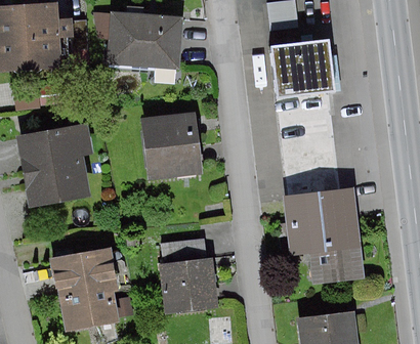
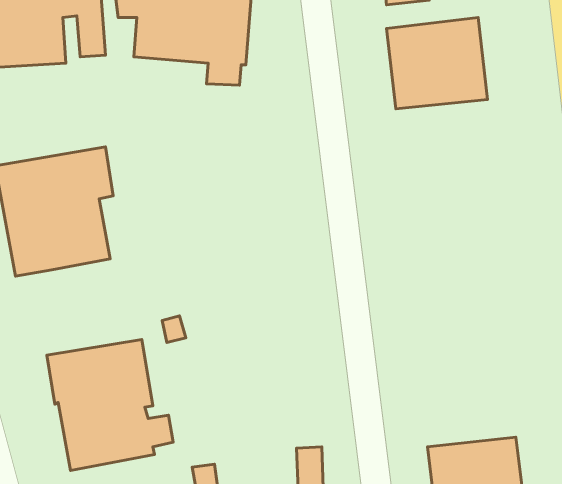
building: [139,112,202,180] -> none
building: [282,187,364,285] -> none
building: [158,239,218,314] -> none

